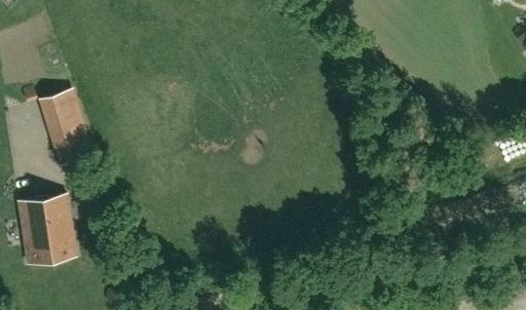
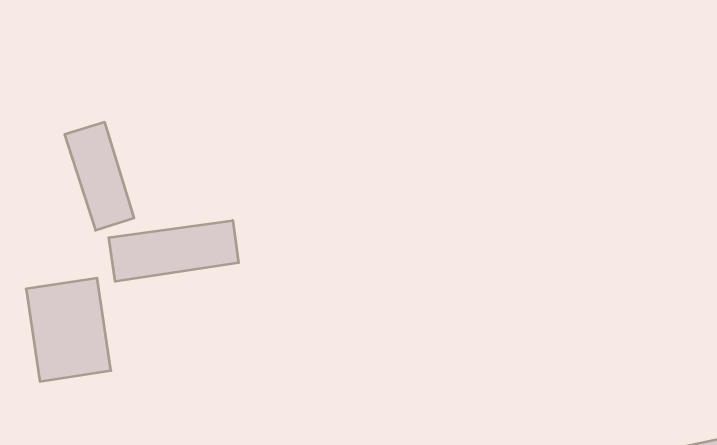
building: none -> [109,220,239,281]

